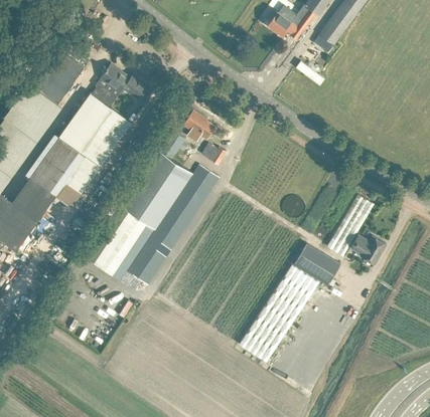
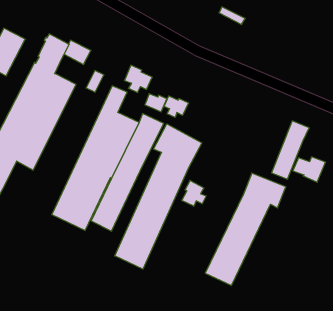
building: none -> [164,96,189,117]
building: none -> [115,124,202,269]
building: none -> [182,180,206,206]

